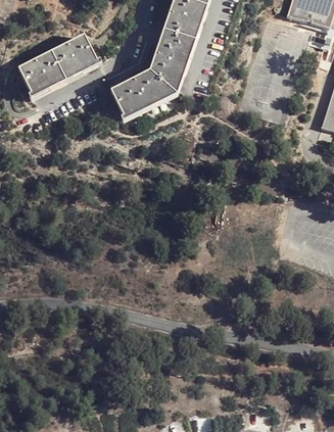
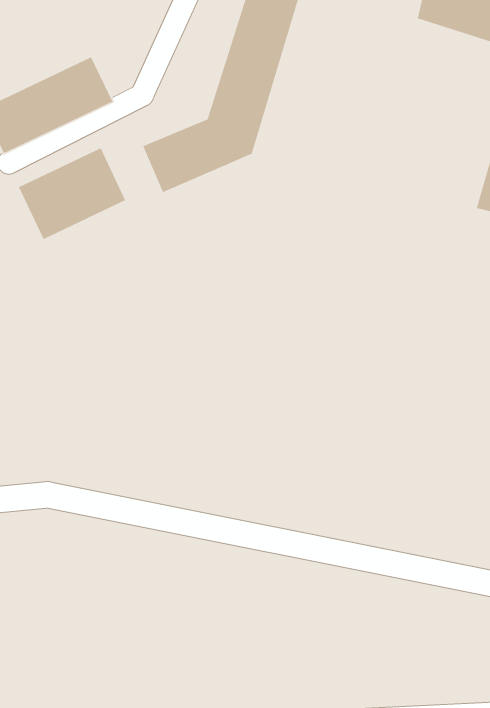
building: none -> [18,147,126,240]

